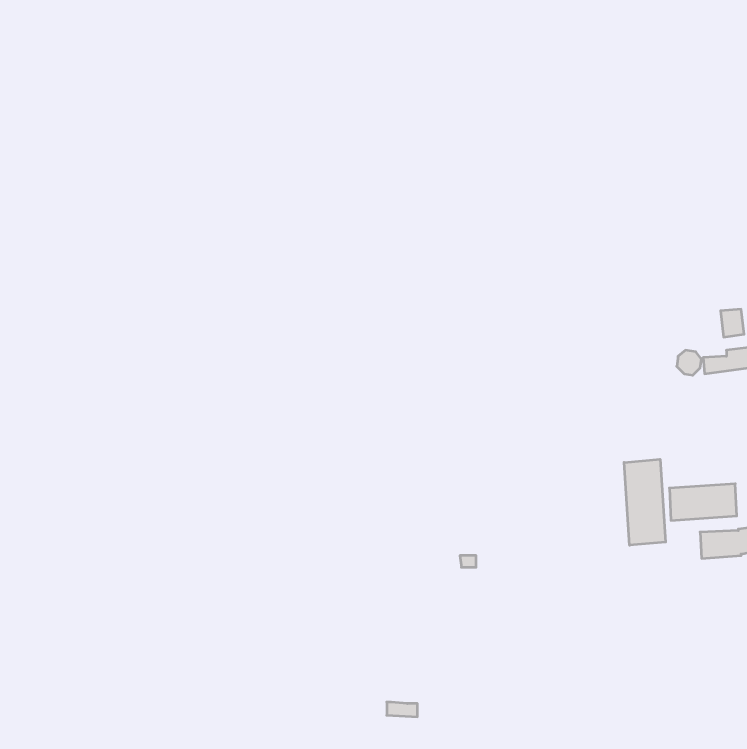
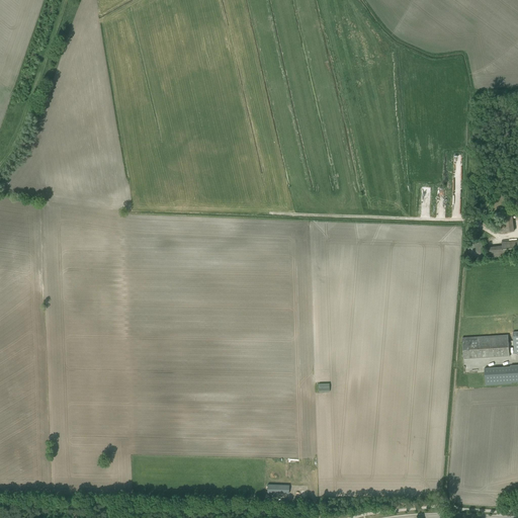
building: [624,459,666,545] -> none

